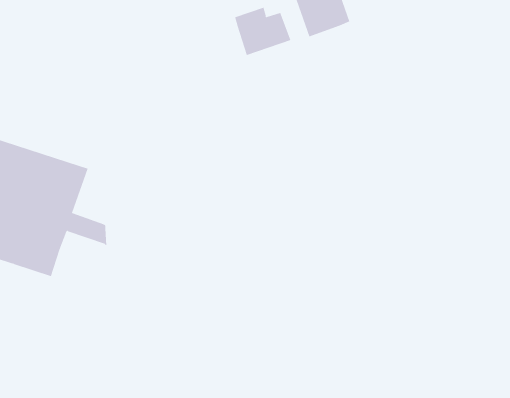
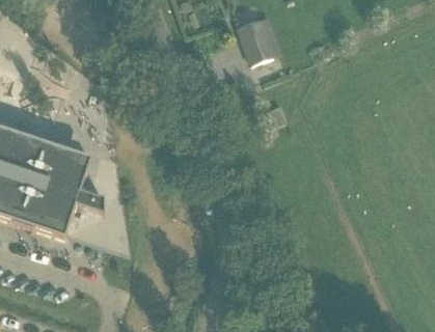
building: [235,7,291,56] -> none

